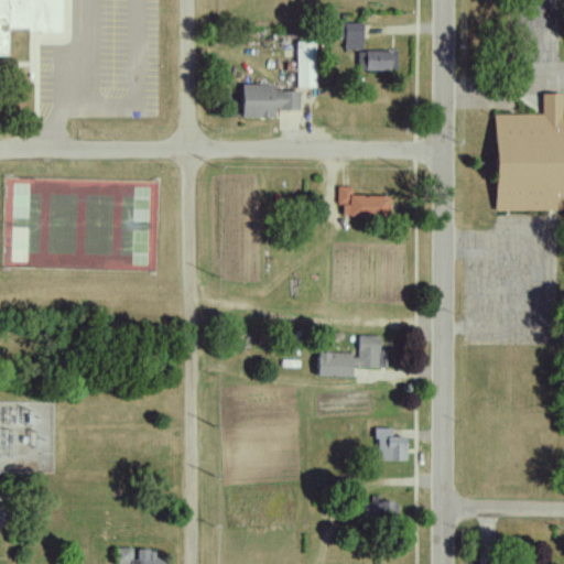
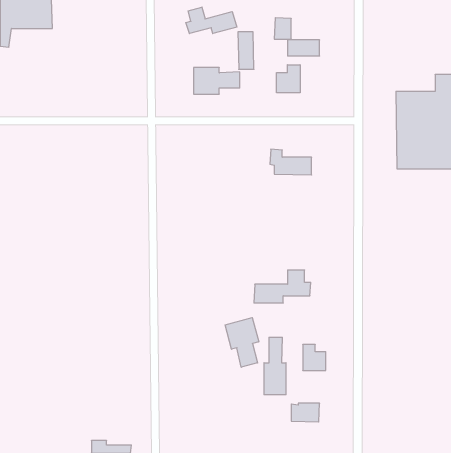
building: none -> [186,7,237,34]
building: none -> [277,65,300,93]
building: none -> [225,318,259,367]
building: none -> [264,337,286,395]

